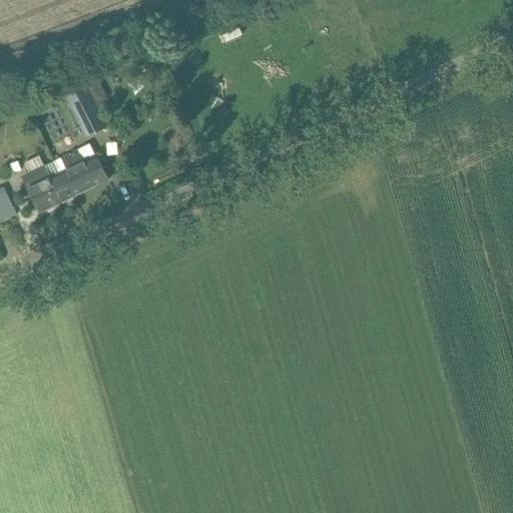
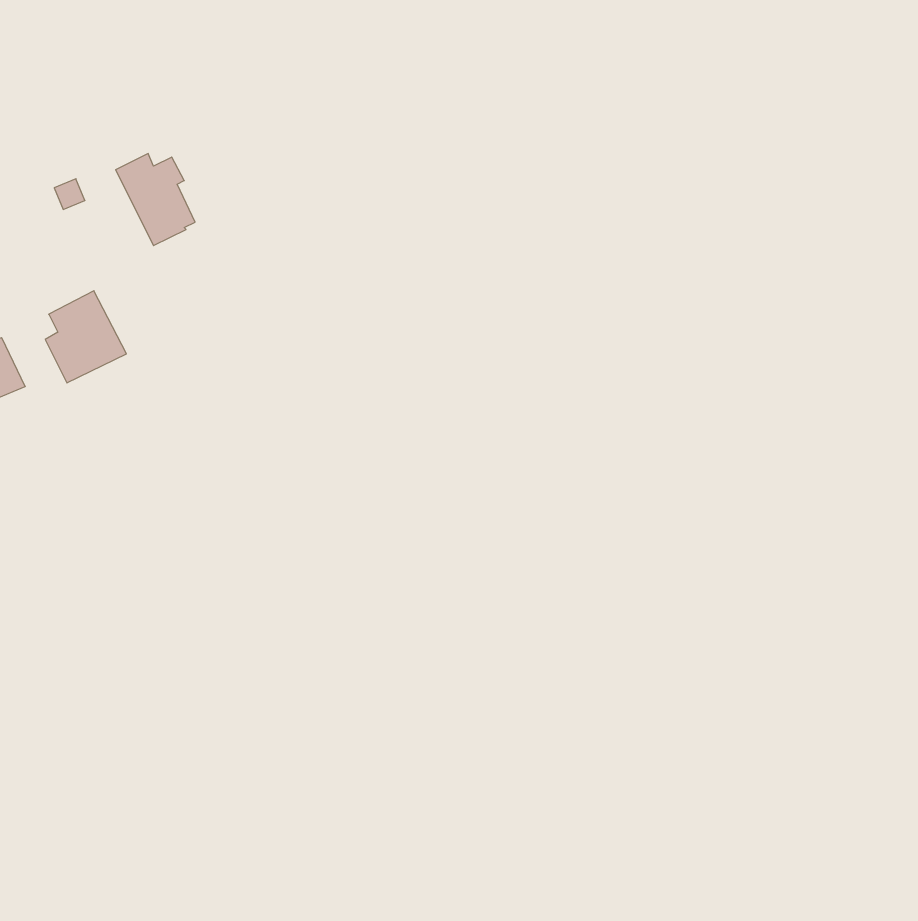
building: [52,145,105,197] -> none

